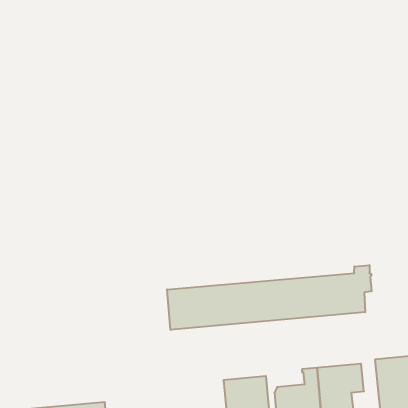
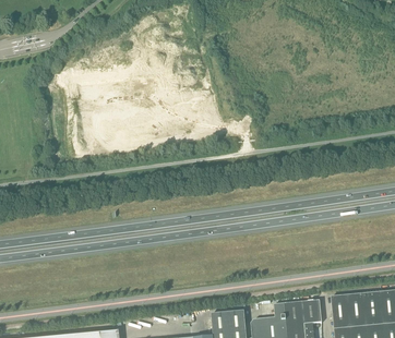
building: [167,265,372,330] -> none

